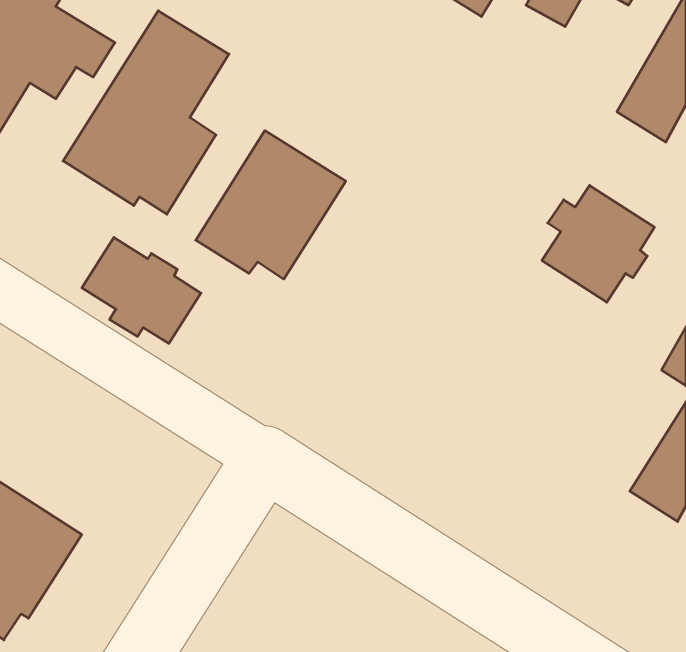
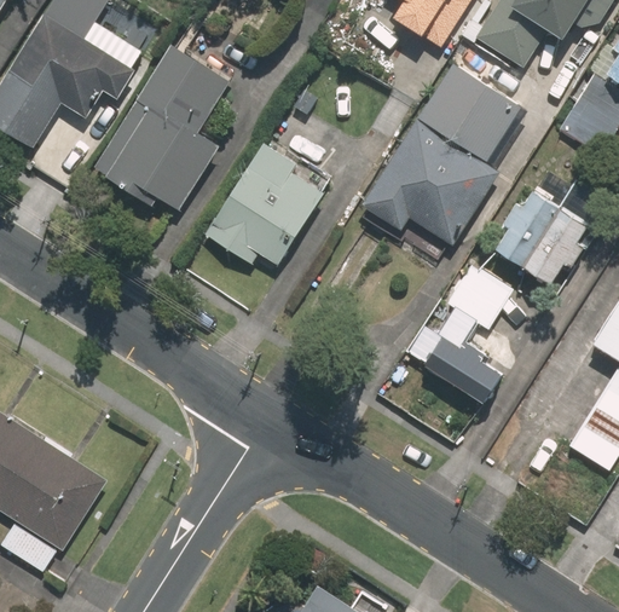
building: none -> [363,63,519,247]
building: [82,237,201,343] -> none
building: none -> [442,262,510,330]
building: none -> [423,324,509,402]

